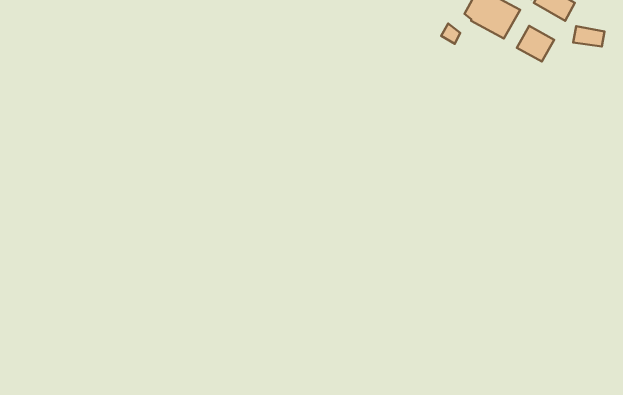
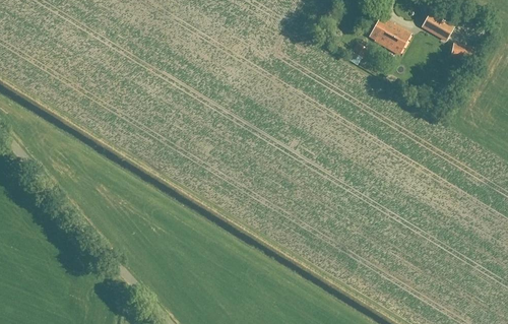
building: [517,26,554,61] -> none

